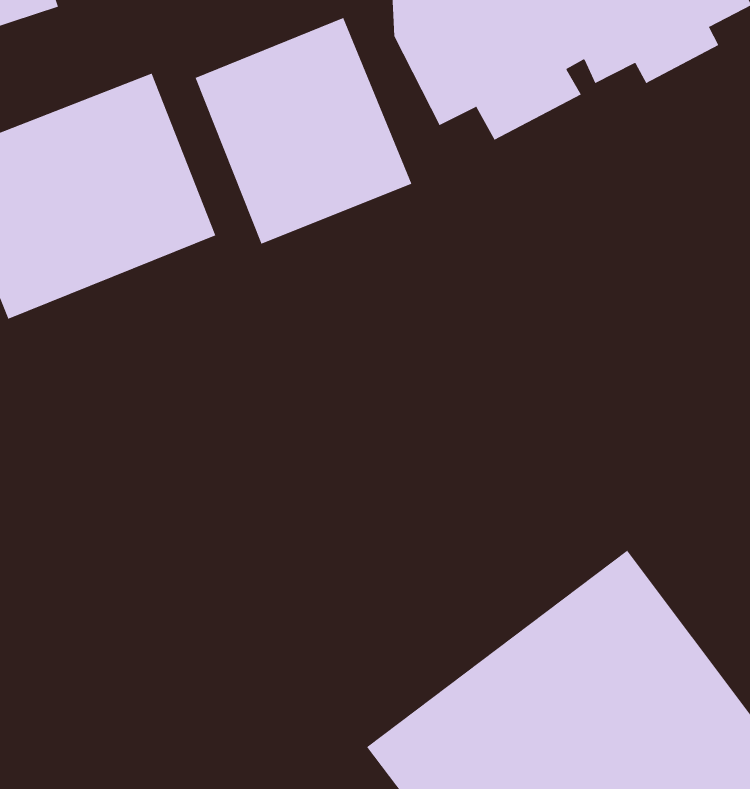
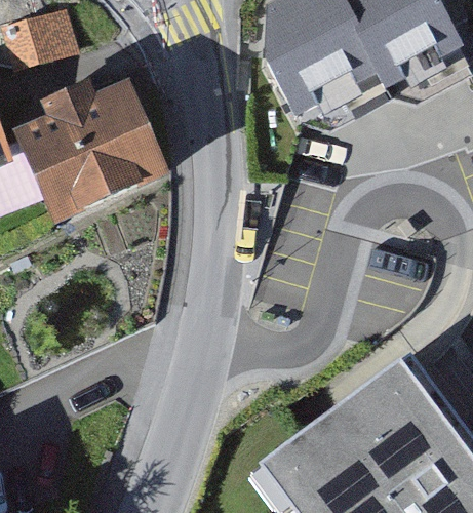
building: [195,17,412,245] -> none

